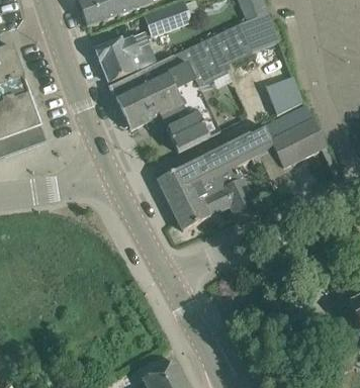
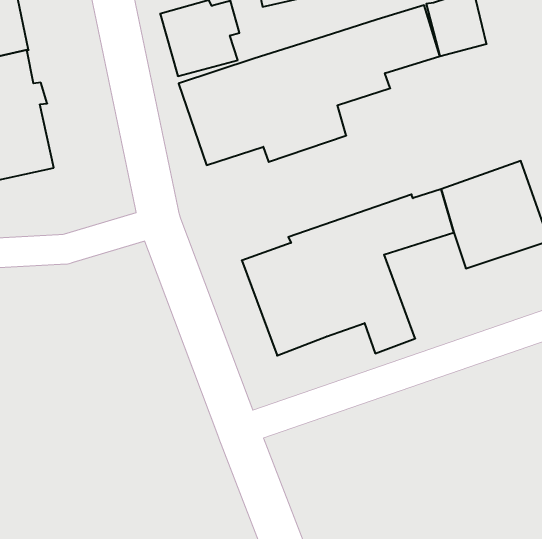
building: [266,77,301,114] -> none
building: [165,102,220,152] -> none

